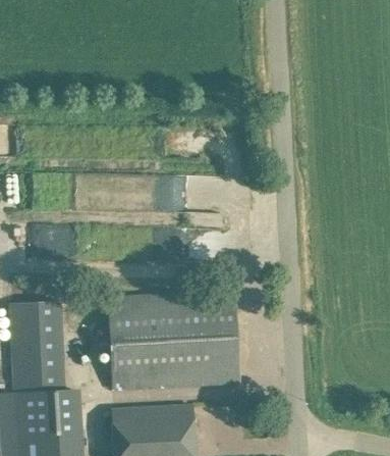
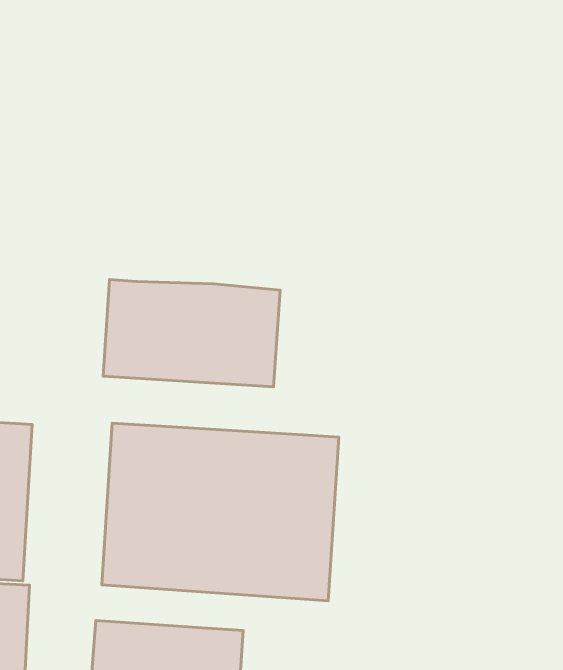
building: none -> [103,279,280,387]

